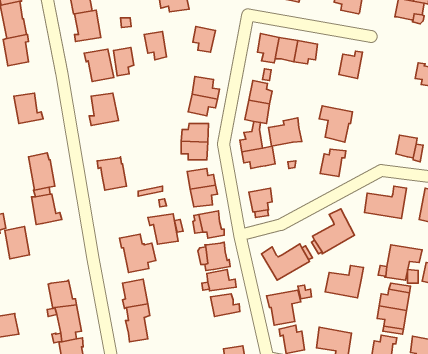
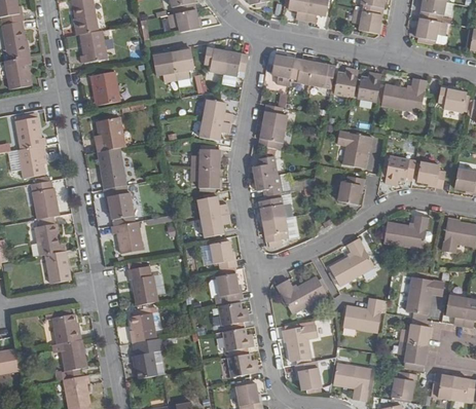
building: none -> [222,51,247,77]
building: none -> [333,69,358,98]
building: [113,47,134,76] -> [172,49,193,79]
building: none -> [380,78,426,112]
building: [269,118,302,146] -> [259,191,294,221]
building: none -> [17,145,44,178]
building: none -> [97,147,126,188]
building: none -> [385,156,415,184]
building: [148,214,178,244] -> [110,221,142,253]
building: [5,227,29,259] -> [45,250,71,284]
building: none -> [227,354,258,376]

